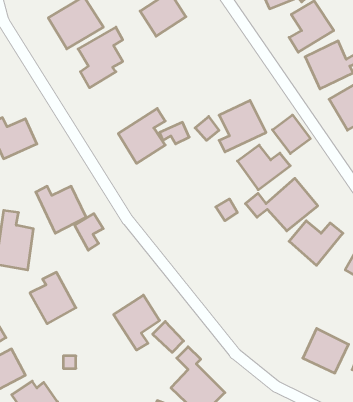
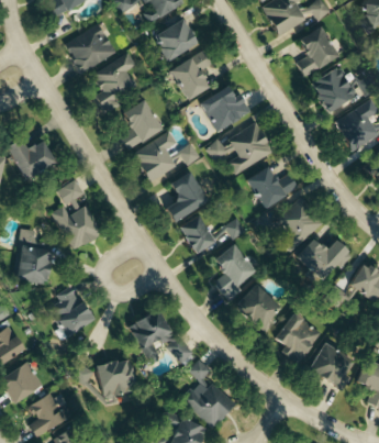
building: none -> [170,53,210,99]
building: none -> [201,88,252,131]
building: none -> [120,100,160,149]
building: [272,115,310,154] -> none
building: none -> [165,171,208,222]
building: none -> [178,215,215,255]
building: [75,214,103,250] -> [57,179,85,214]
building: none -> [213,244,256,297]
building: none -> [234,284,279,333]
building: none -> [274,313,320,362]
building: none -> [96,358,135,398]

